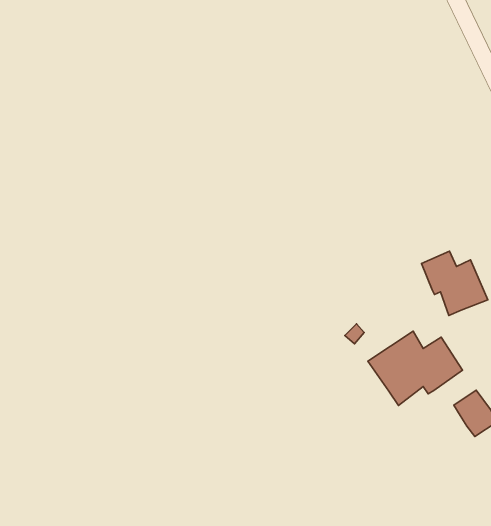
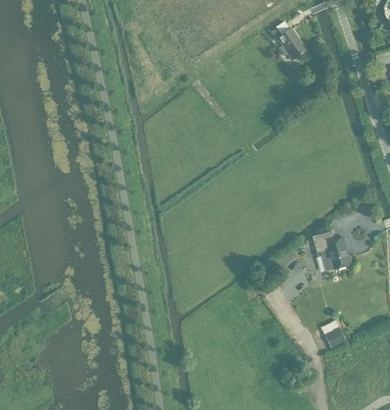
building: [368,331,463,405] -> none

